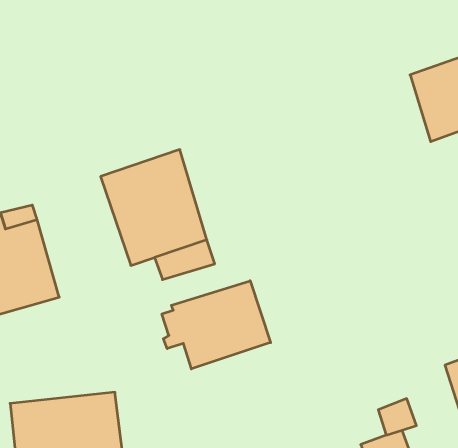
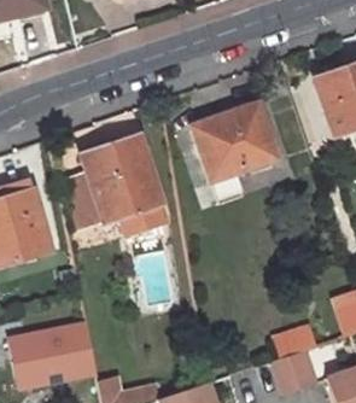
building: none -> [194,99,280,183]
building: [162,281,271,369] -> none

